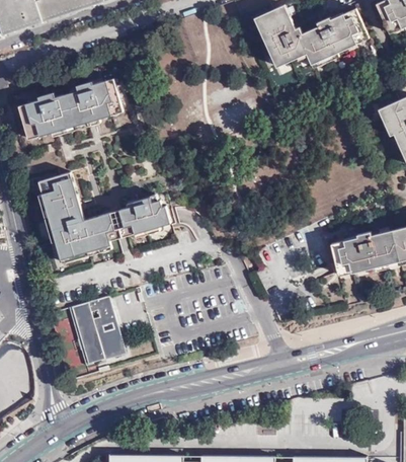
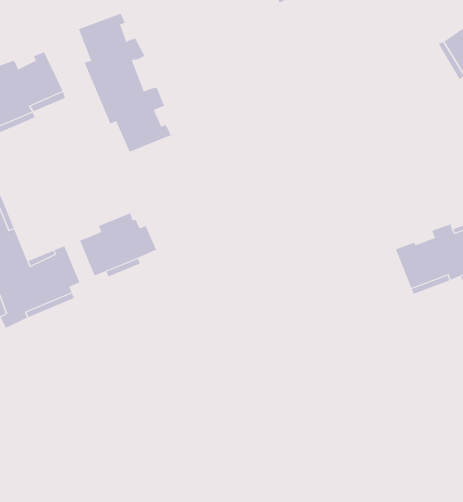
building: none -> [78,13,171,153]
building: [68,299,127,368] -> none

